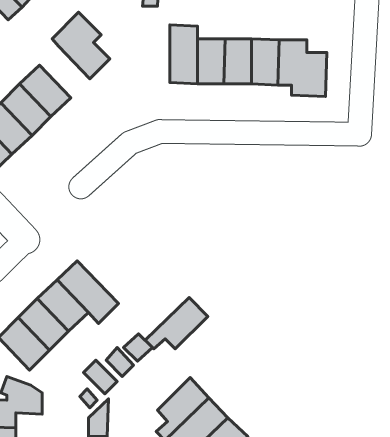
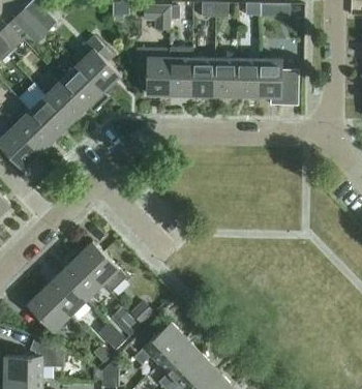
building: none -> [135,49,169,94]
building: none -> [61,64,109,113]
building: [145,298,208,349] -> [133,322,185,364]

